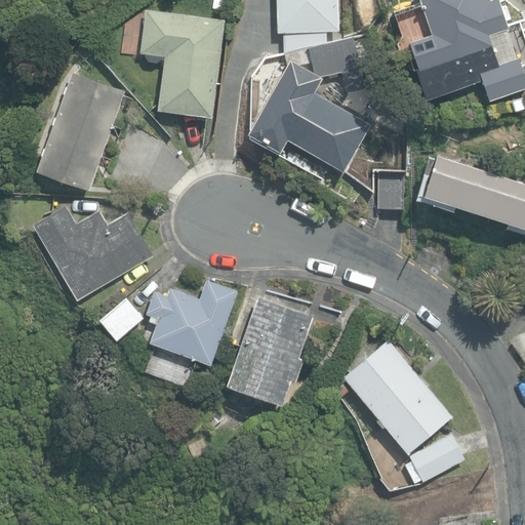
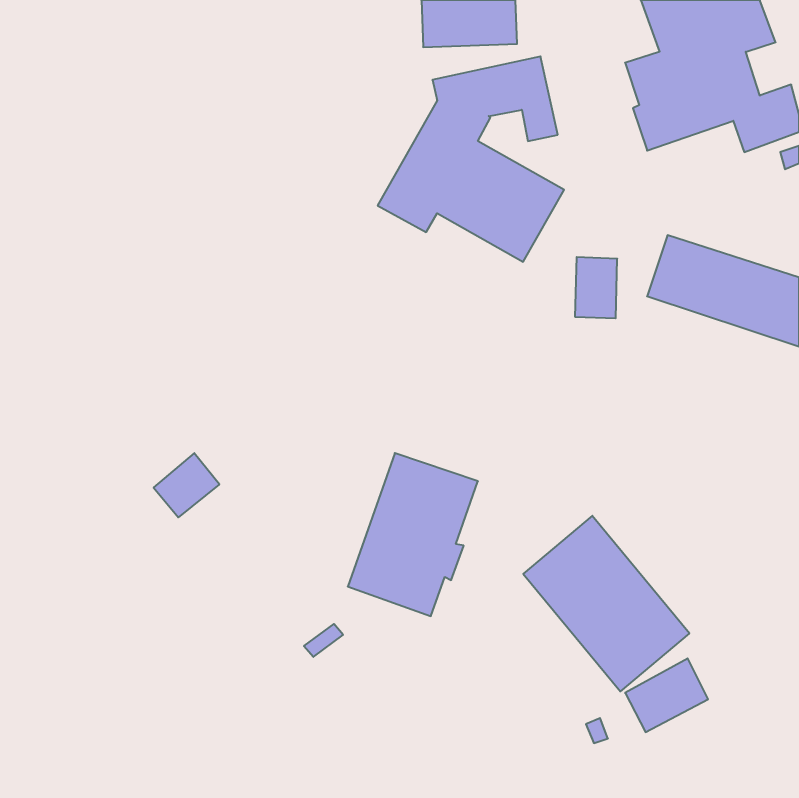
building: [142,11,224,118] -> none
building: [37,74,125,192] -> none
building: [33,207,153,301] -> none
building: [146,280,237,365] -> none

